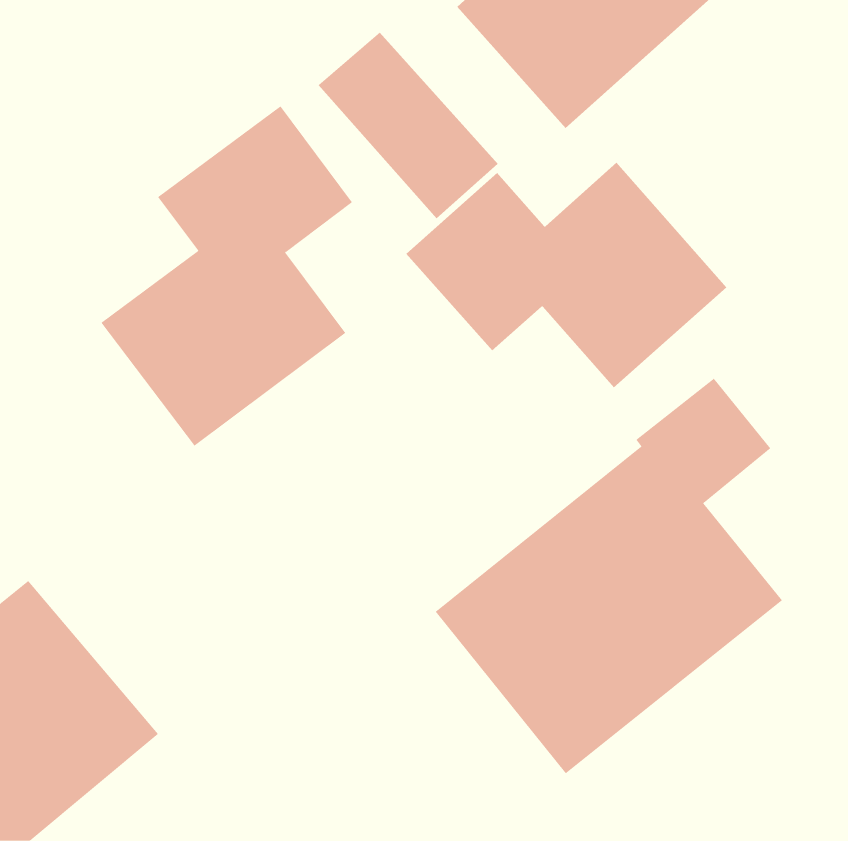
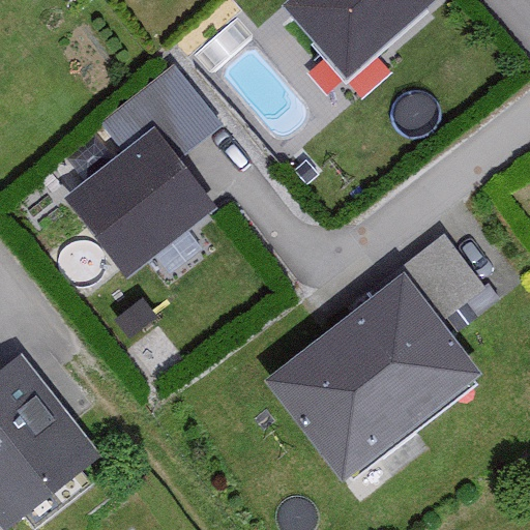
building: [406,162,727,388] -> none

